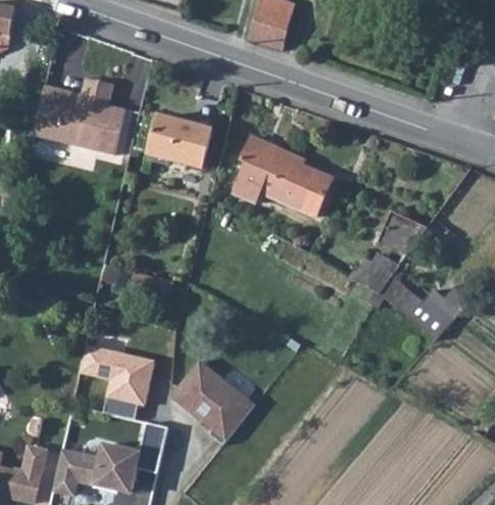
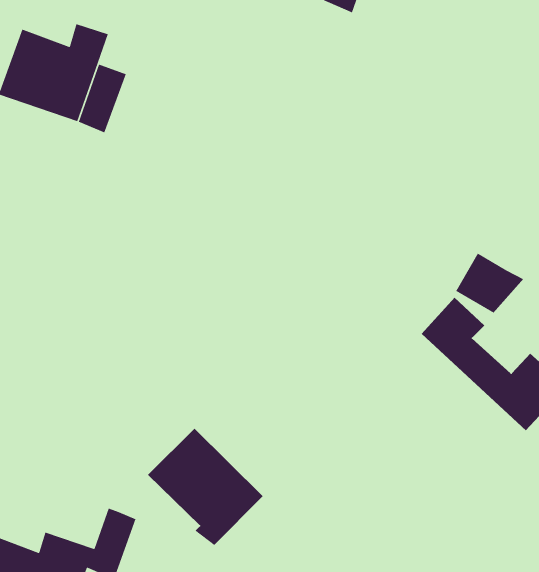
building: [150,114,212,166] -> none
building: [234,135,332,217] -> none
building: [77,346,154,422] -> none

